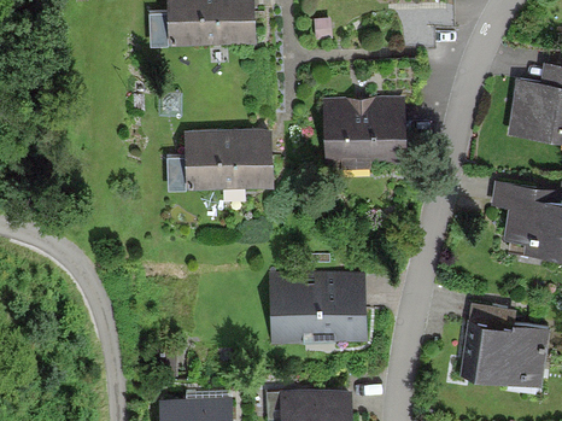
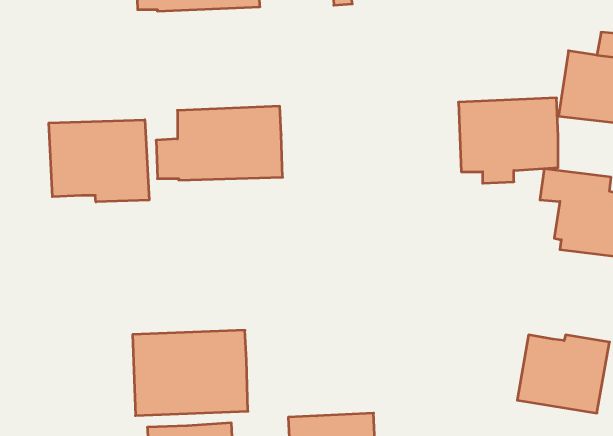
building: [322,97,406,169] -> [458,98,558,183]
building: none -> [49,120,149,202]
building: [269,273,367,345] -> [133,330,248,416]

